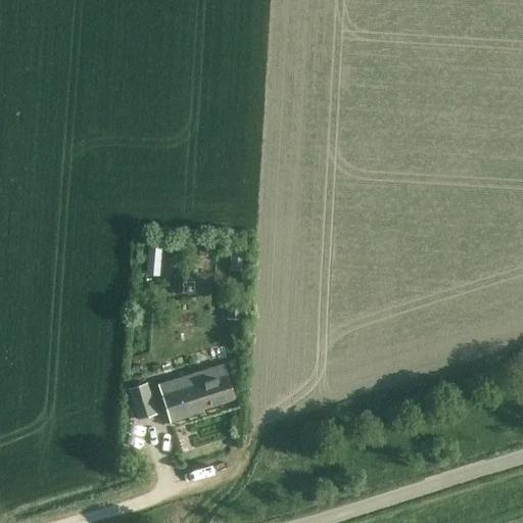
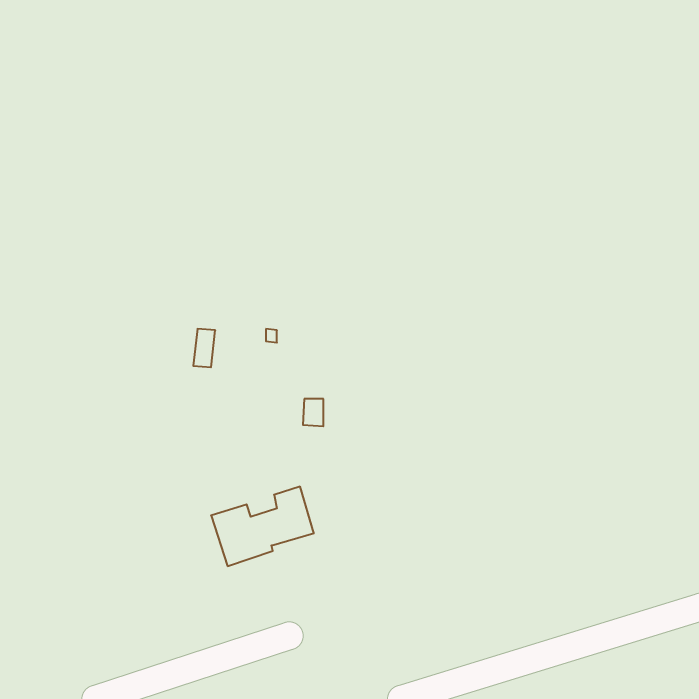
building: [129,382,156,419] -> none

